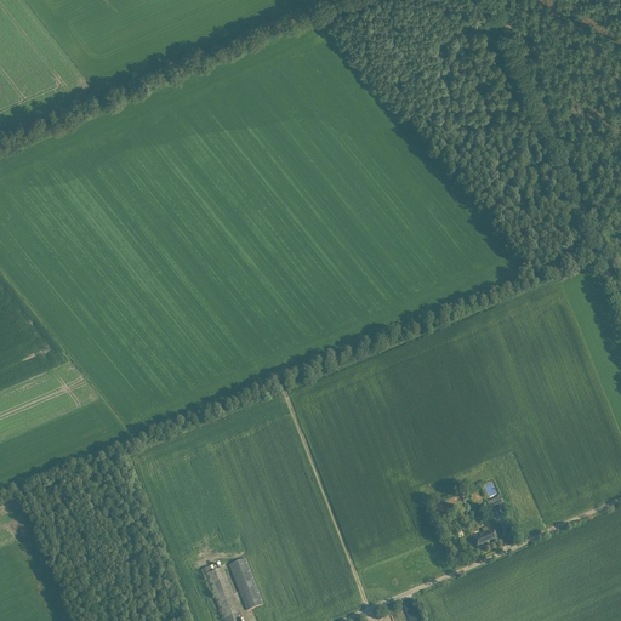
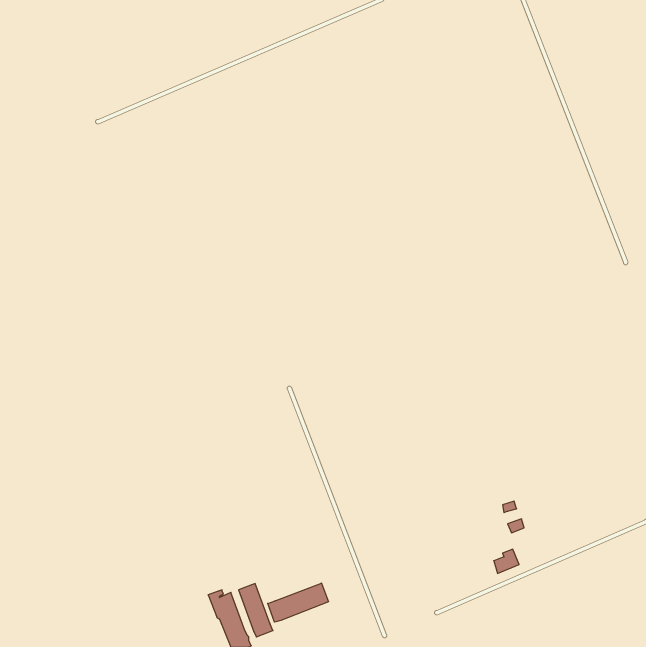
building: none -> [268,583,328,622]

